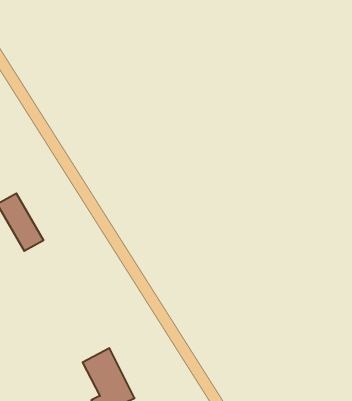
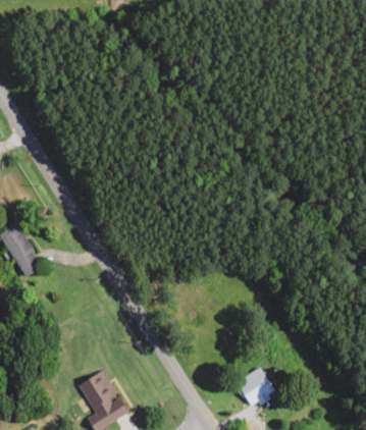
building: none -> [236,367,270,398]

